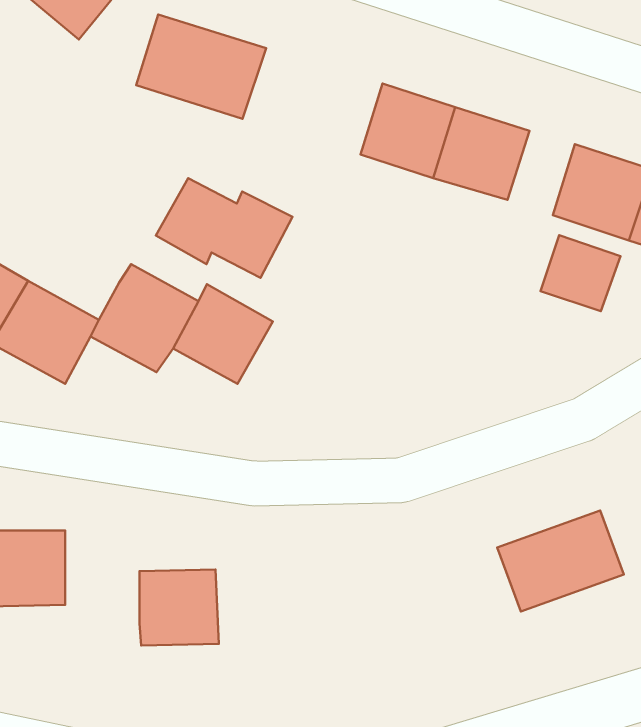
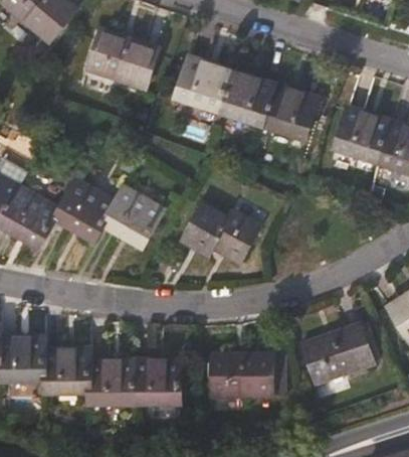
building: none -> [172,54,230,111]
building: [156,178,293,278] -> [179,203,260,263]
building: [540,235,621,311] -> none
building: none -> [41,346,85,393]
building: none -> [208,353,273,397]
building: none -> [131,358,181,403]

